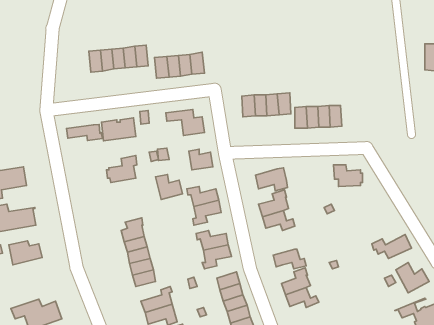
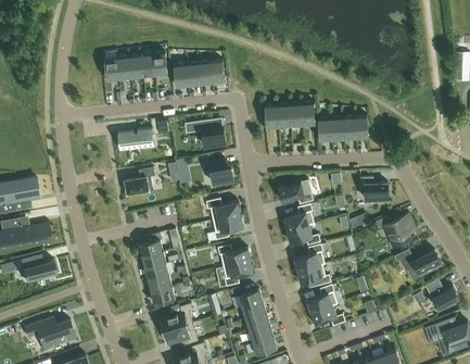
building: [67,125,102,141] -> none
building: [156,174,182,199] -> none
building: none -> [374,214,412,247]
building: none -> [293,244,325,272]

